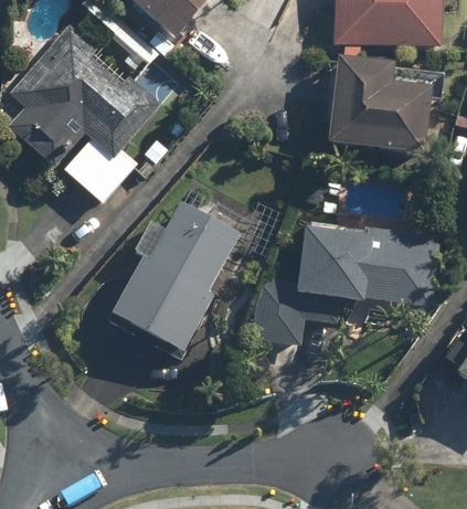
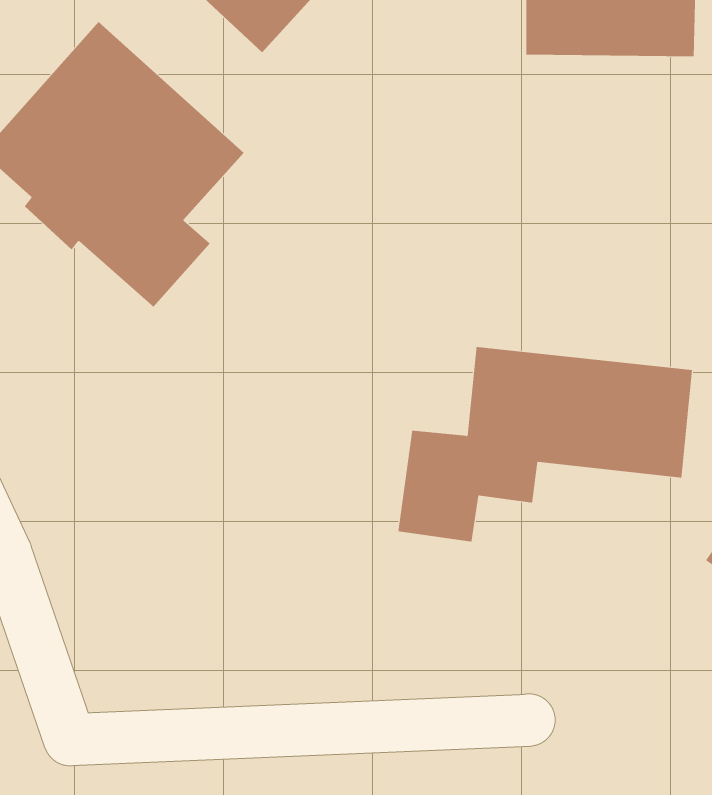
building: [327,57,442,151] -> none
building: [109,197,241,352] -> none

